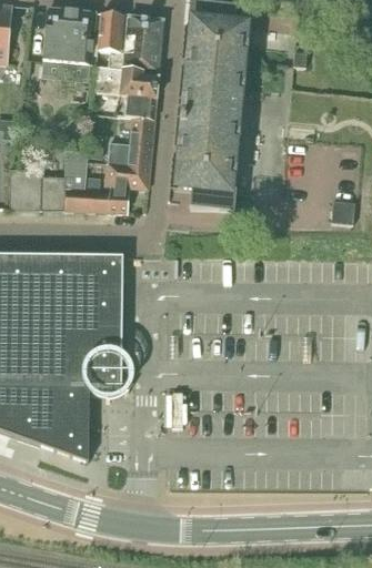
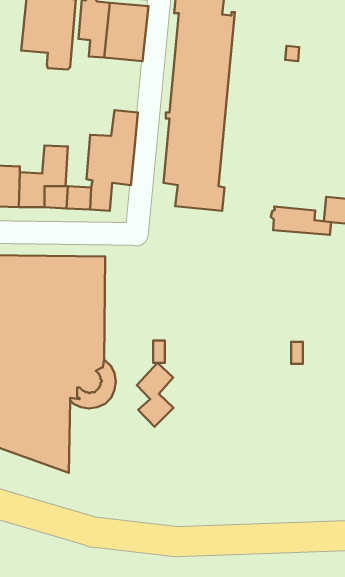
building: [91,64,158,119] -> none
building: none -> [271,207,331,235]
building: none -> [137,363,174,427]

